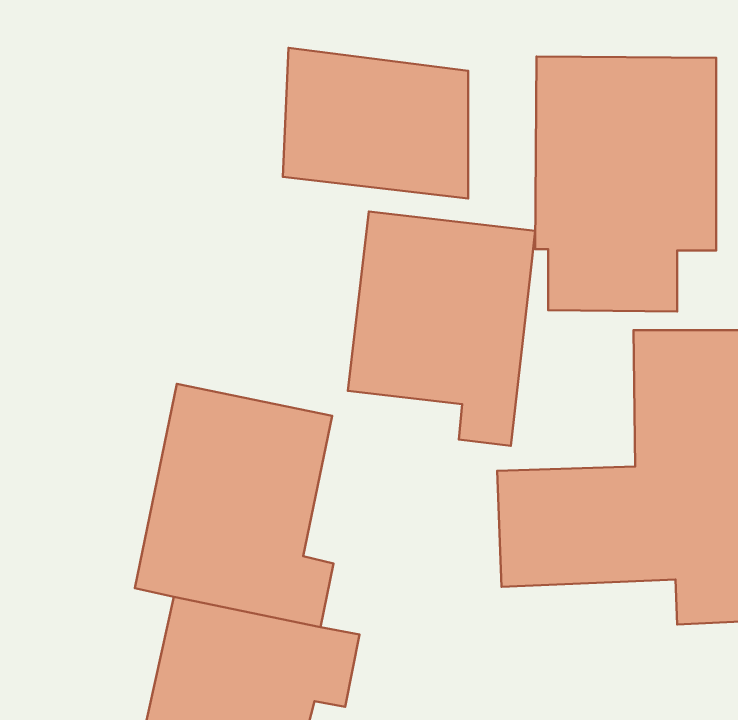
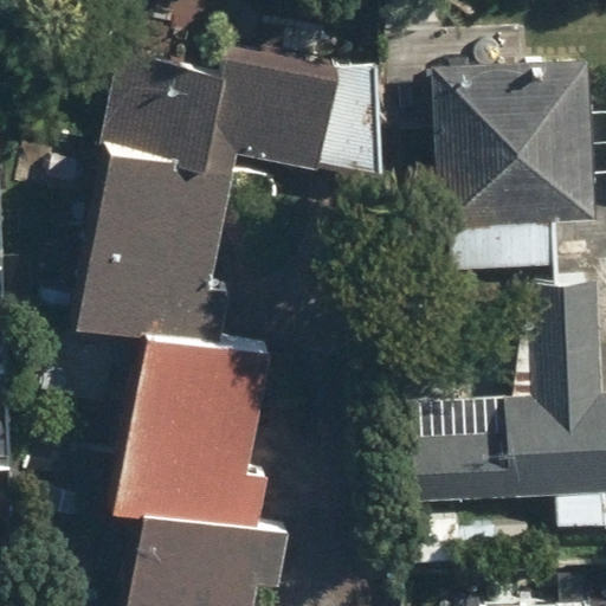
building: none -> [105,50,227,167]
building: none -> [73,144,238,347]
building: [348,211,535,446] -> none

